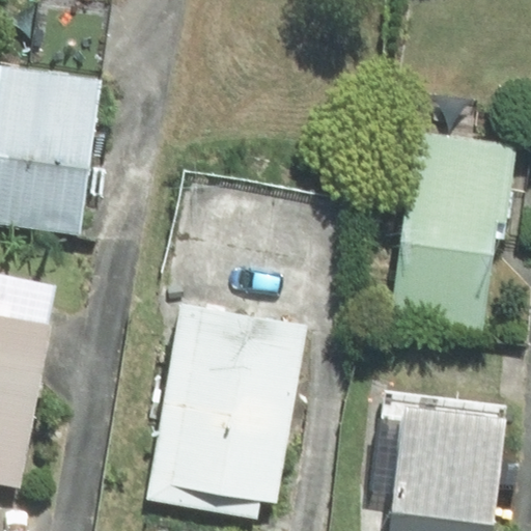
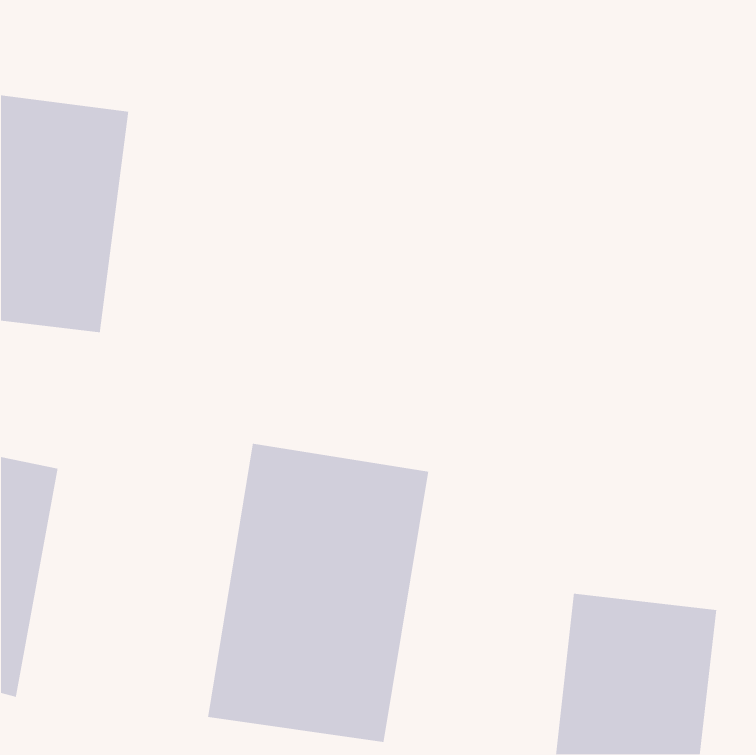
building: [387,132,513,335] -> none

